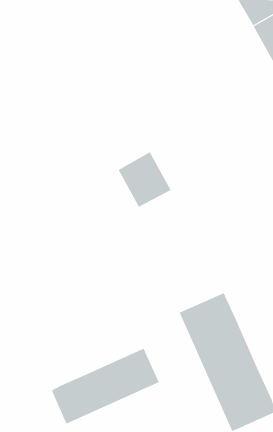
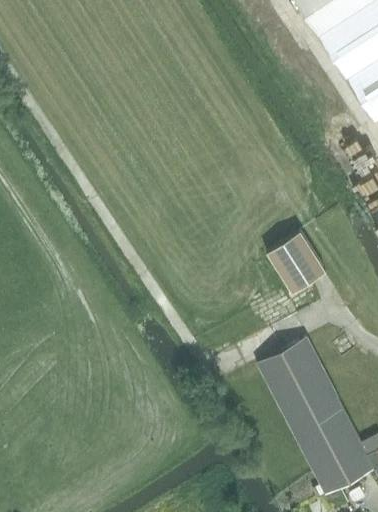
building: [118,152,171,207] -> [265,230,327,294]
building: [51,348,160,424] -> none

